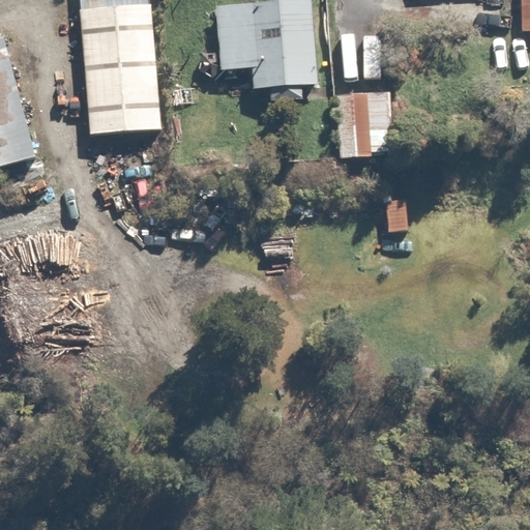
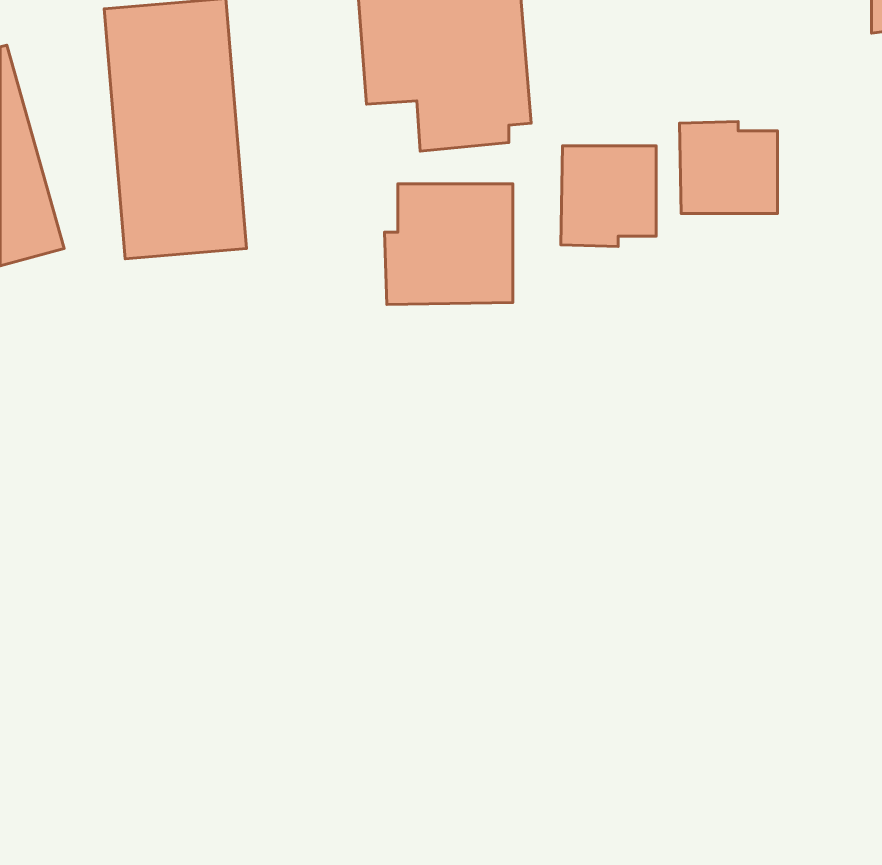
building: none -> [679,121,778,214]
building: none -> [385,184,513,305]

